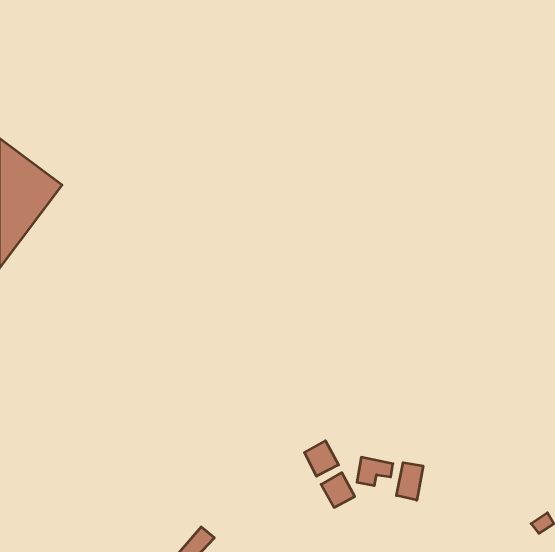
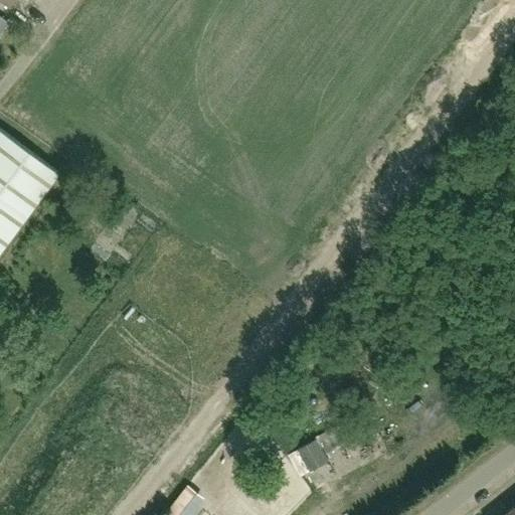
building: [304,441,339,476] -> none
building: [396,463,423,500] -> none

